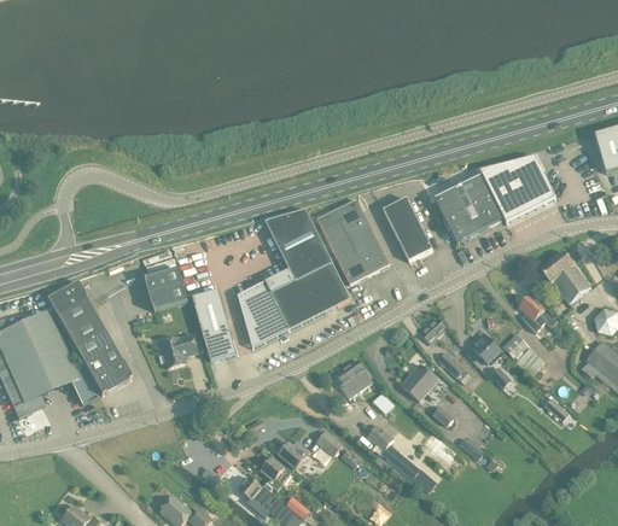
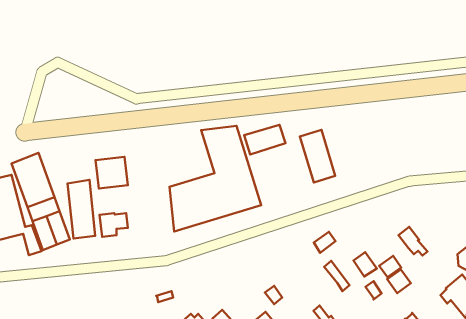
building: [435,156,555,239] -> none
building: [327,220,389,284] -> none
building: [540,251,590,302] -> none
building: [192,288,235,361] -> [67,180,95,238]
building: [336,358,373,397] -> none
building: [398,362,438,401] -> none

